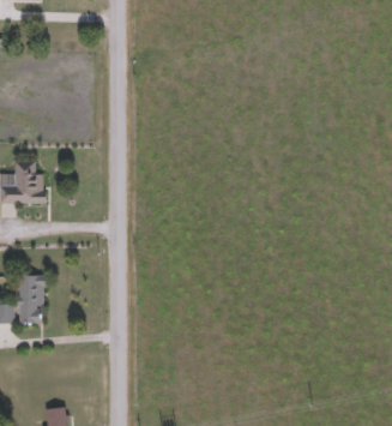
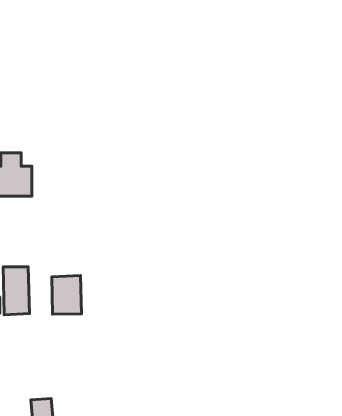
building: none -> [52,275,81,314]

